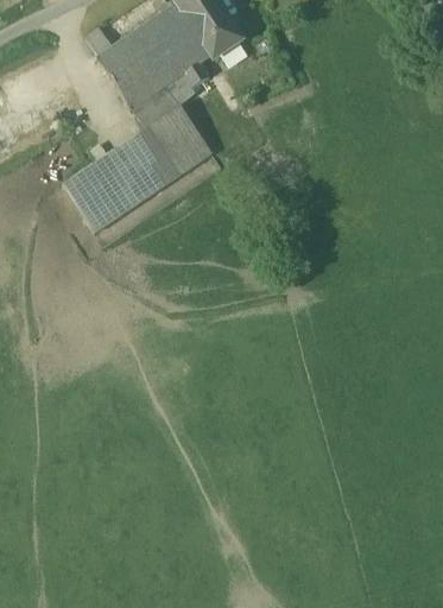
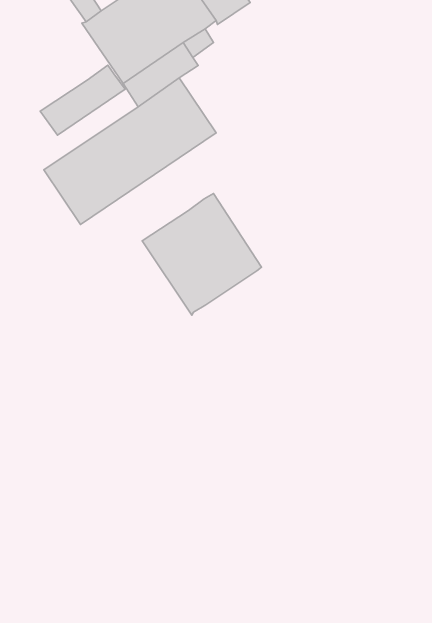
building: none -> [40,65,125,135]
building: none -> [142,194,262,315]

